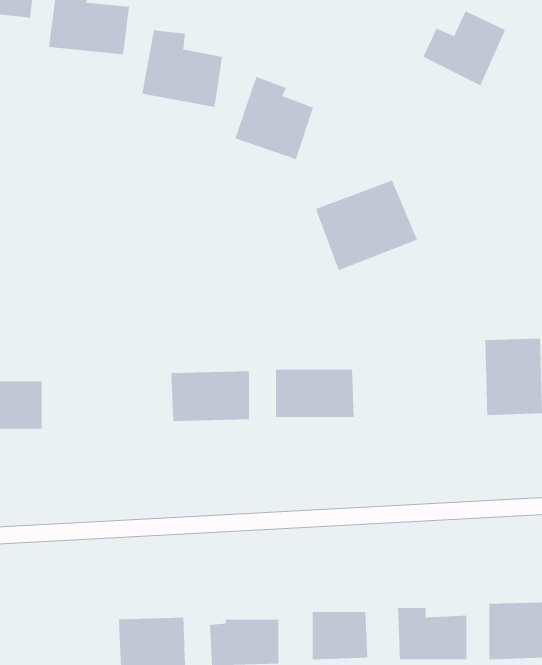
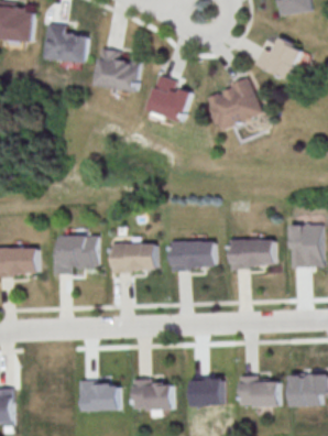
building: [315,180,418,271] -> [205,79,263,131]
building: none -> [54,235,97,274]
building: none -> [228,239,273,268]

